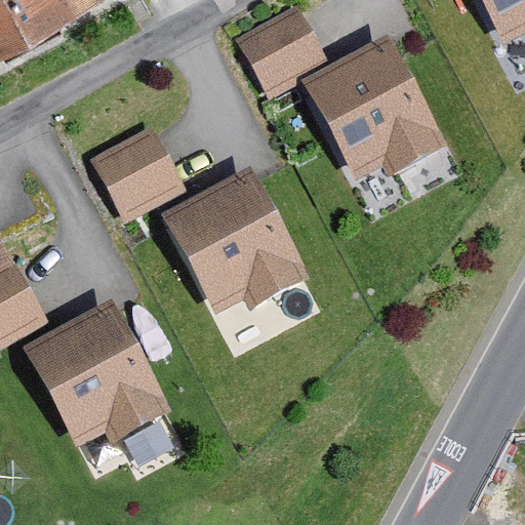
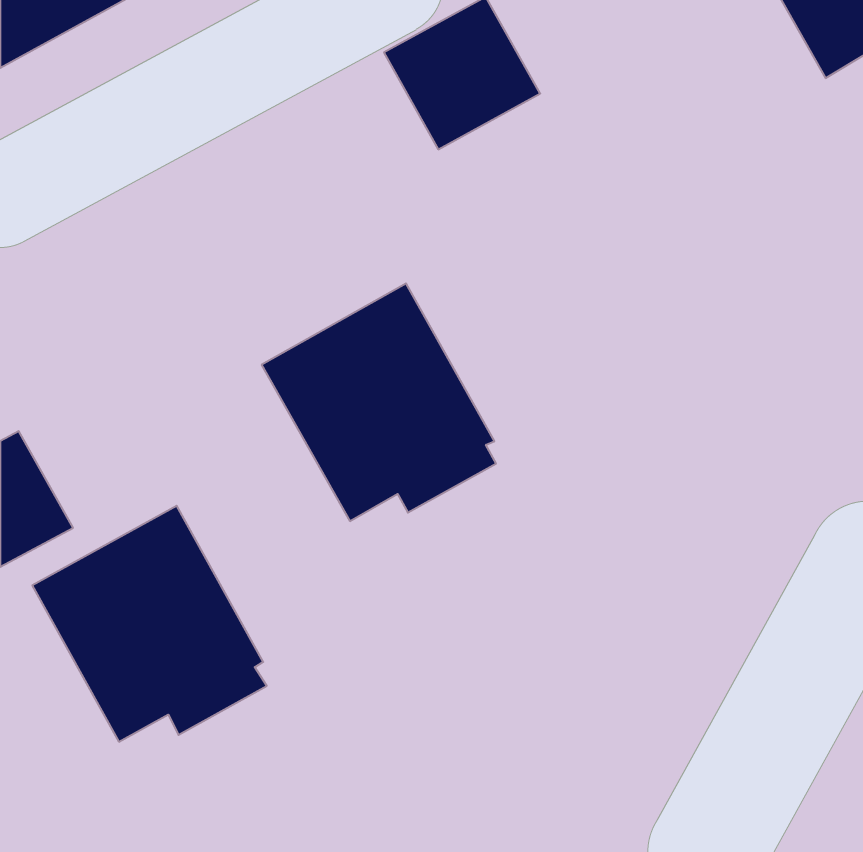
building: [299,37,441,179] -> none
building: [91,122,186,214] -> none

